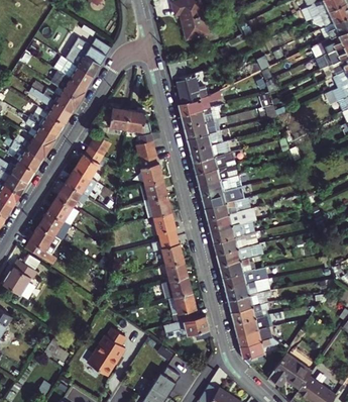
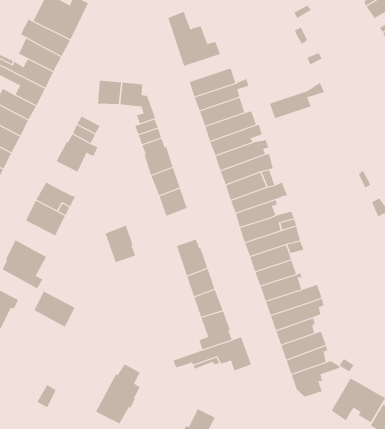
building: [179,91,222,116] -> [269,82,325,119]
building: [66,169,95,196] -> none
building: [38,212,71,241] -> [33,291,75,327]
building: [155,213,178,241] -> [105,225,136,263]

